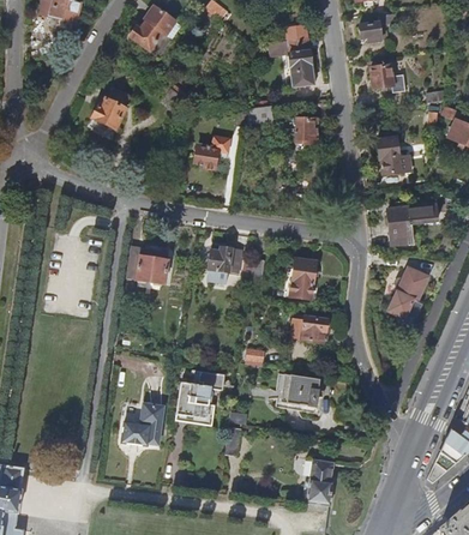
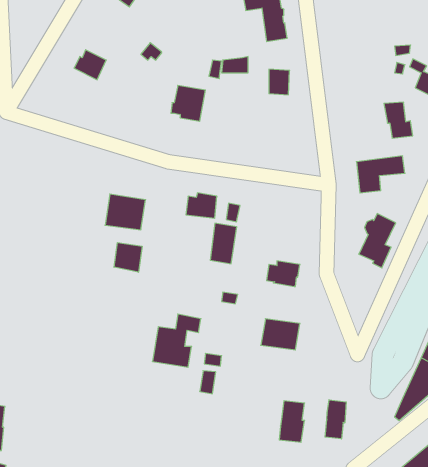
building: [371,65,407,92] -> none
building: [377,138,407,175] -> [384,102,413,138]
building: [290,257,318,299] -> [210,223,237,264]
building: none -> [114,243,142,272]
building: [121,404,163,446] -> none
building: none -> [325,400,346,439]

